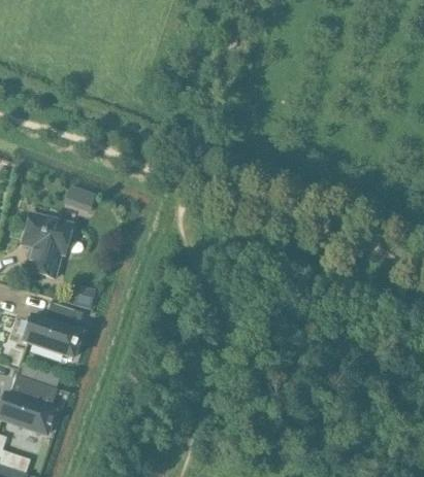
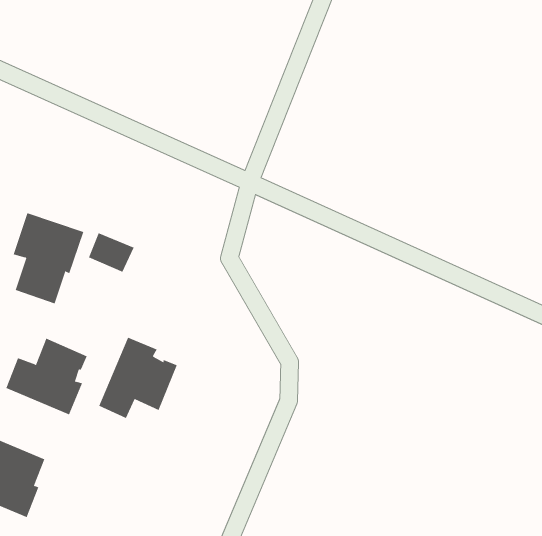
building: [59,181,92,209] -> [88,232,134,273]
building: none -> [99,337,177,419]

